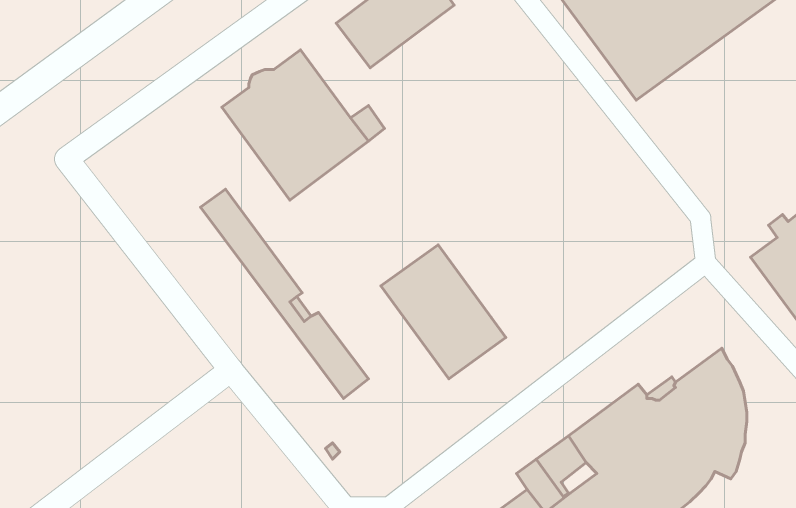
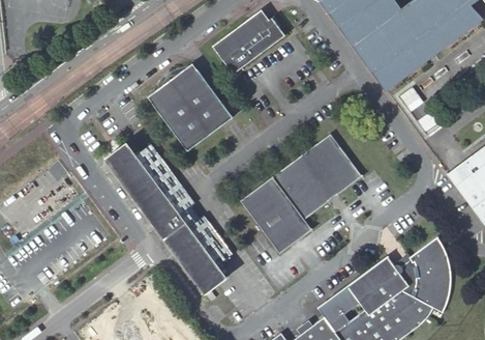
building: none -> [272,134,361,219]
building: none -> [105,143,226,293]

